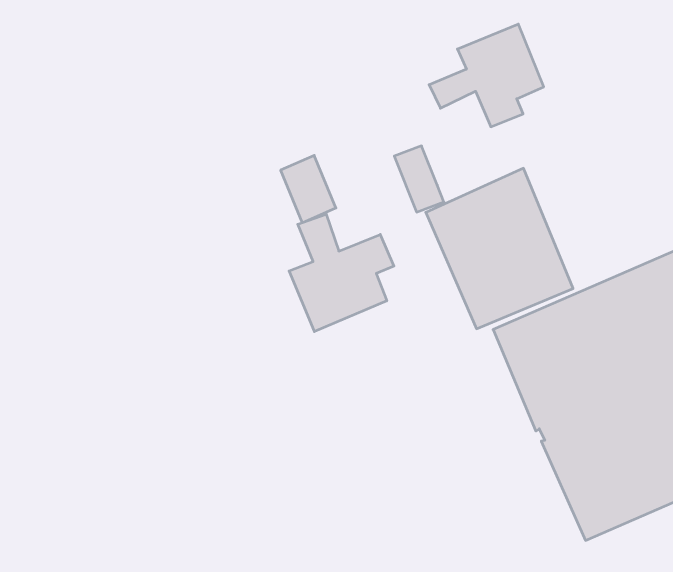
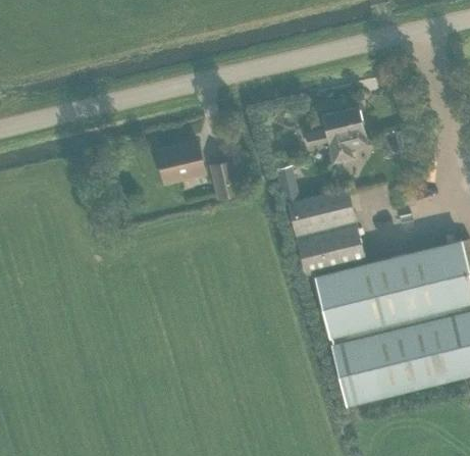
building: none -> [157,142,205,184]
building: [289,214,394,332] -> none

